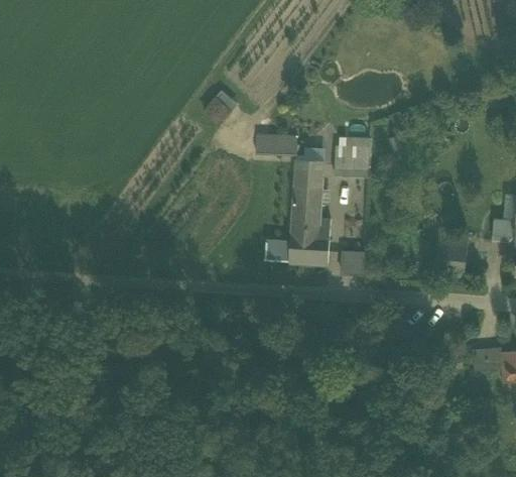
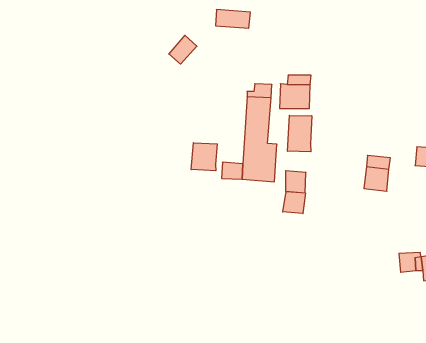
building: [256,133,297,155] -> [216,10,250,28]
building: none -> [288,115,312,152]
building: none -> [191,143,217,171]
building: none -> [283,191,305,214]

